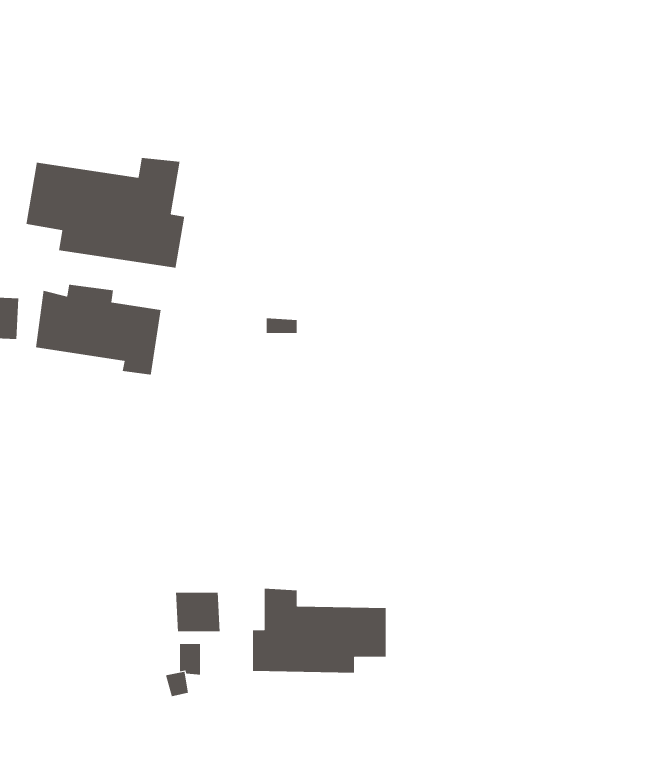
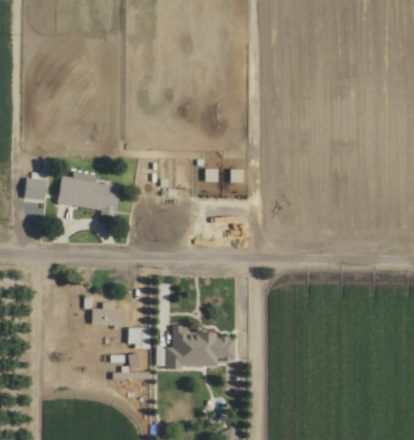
building: [26,157,185,269] -> none
building: none -> [92,302,125,324]

